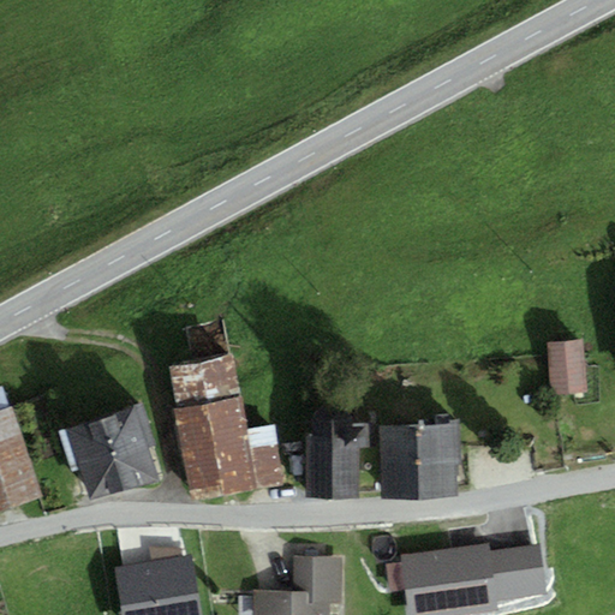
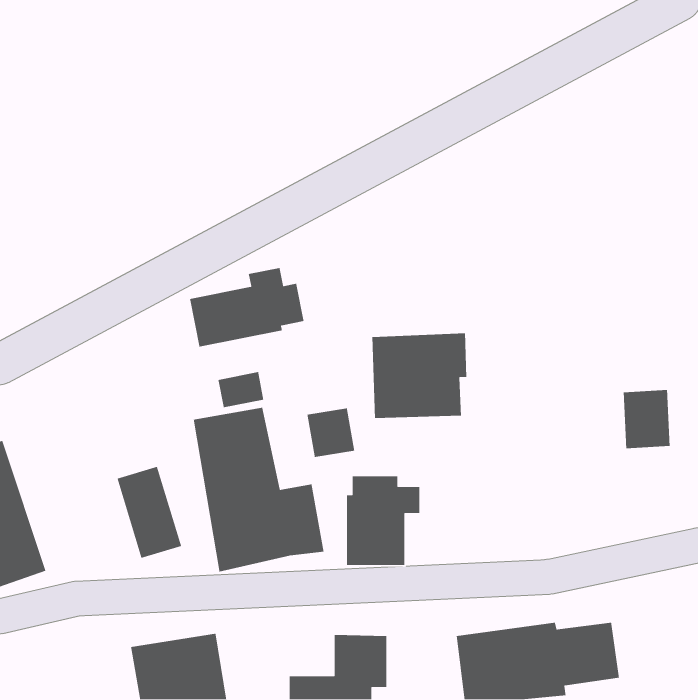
building: none -> [189,267,305,347]
building: none -> [306,407,355,458]
building: [66,419,124,501] -> none
building: [377,423,461,498] -> [371,333,467,419]

